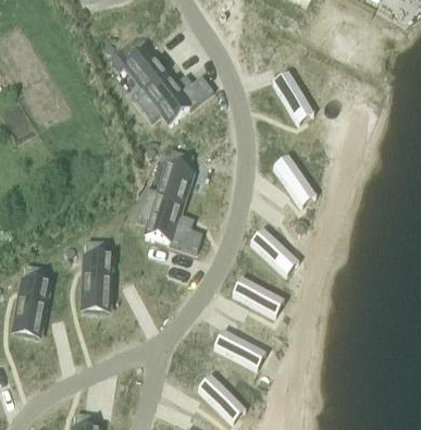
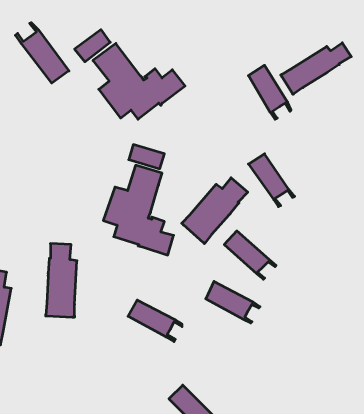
building: none -> [15,23,69,83]
building: none -> [281,43,351,94]
building: none -> [182,178,248,244]
building: [214,330,265,369] -> [128,300,182,342]

